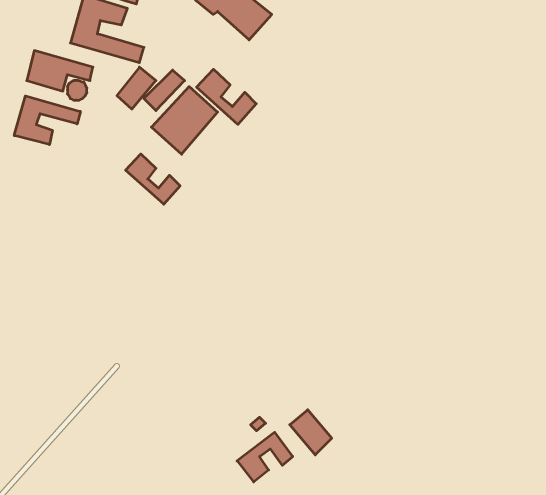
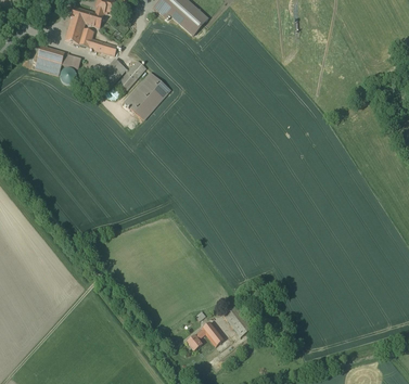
building: [197,69,256,124] -> none
building: [14,96,80,145] -> none
building: [126,154,180,204] -> none

